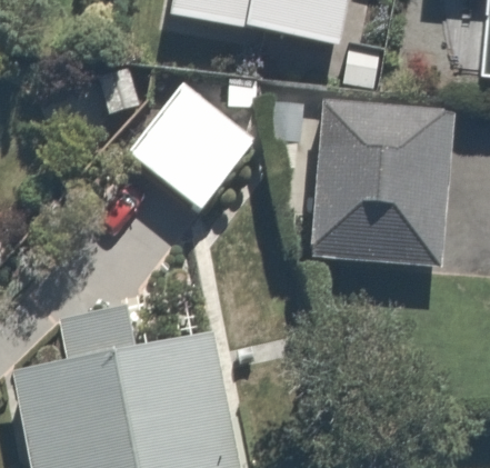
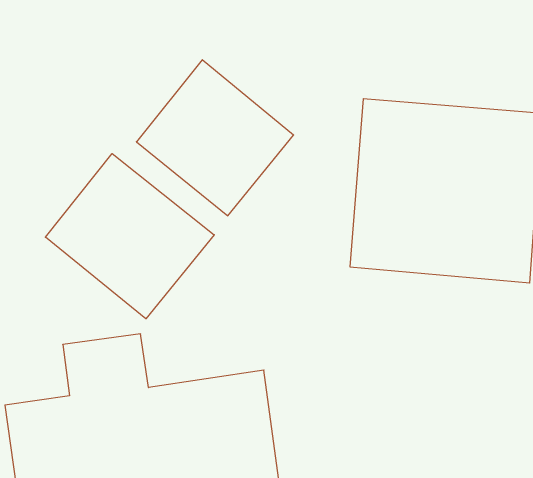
building: none -> [45,154,214,319]

